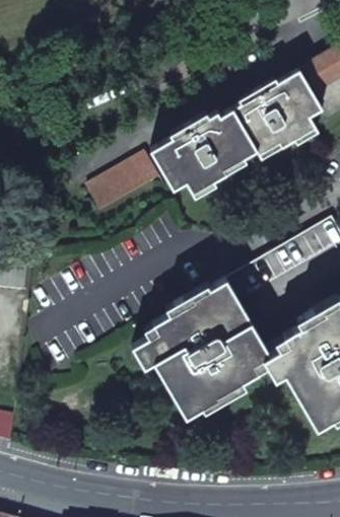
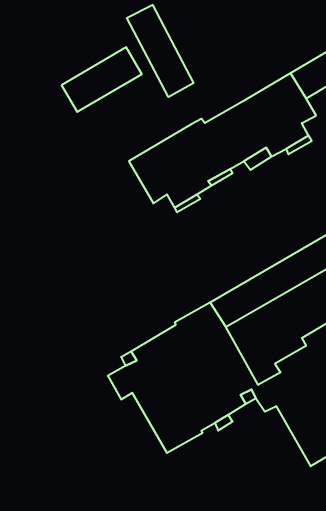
building: none -> [127,5,193,97]
building: [86,151,159,210] -> [62,47,142,112]

